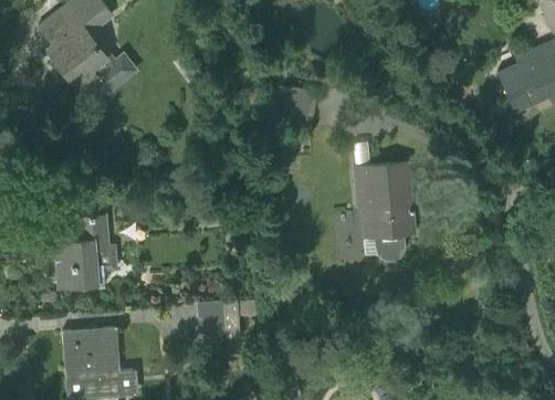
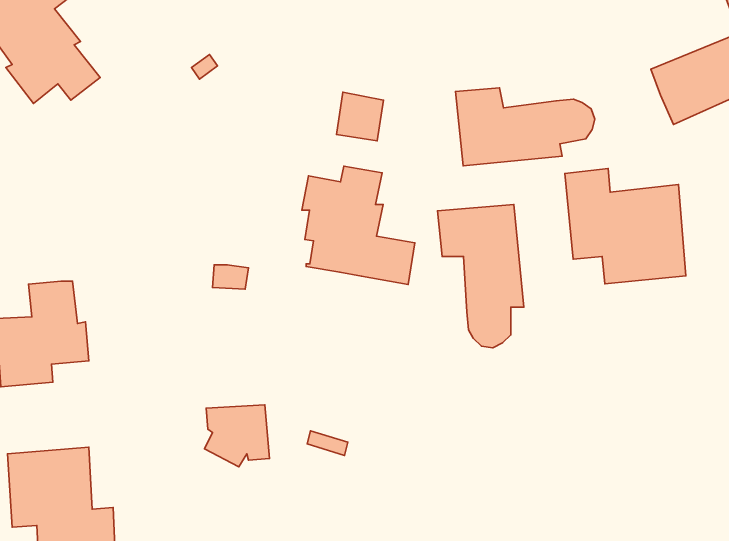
building: none -> [456,88,595,166]
building: none -> [302,166,415,284]
building: none -> [565,168,686,284]

